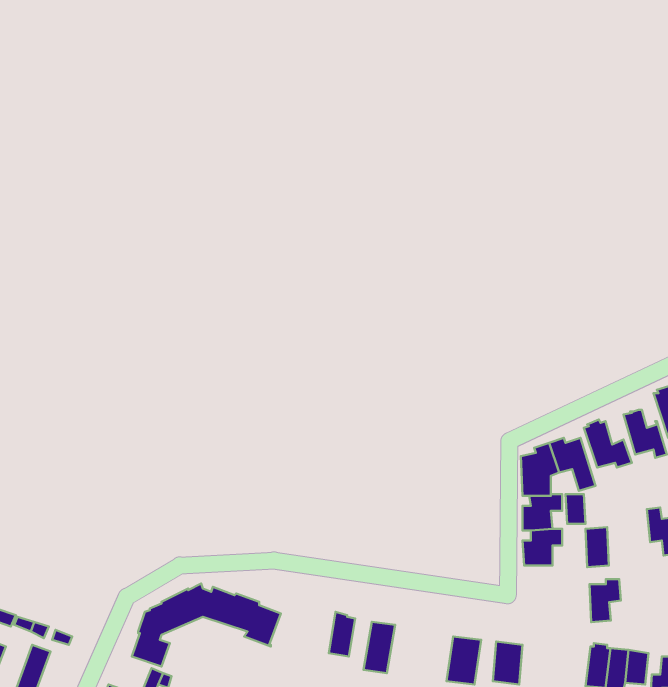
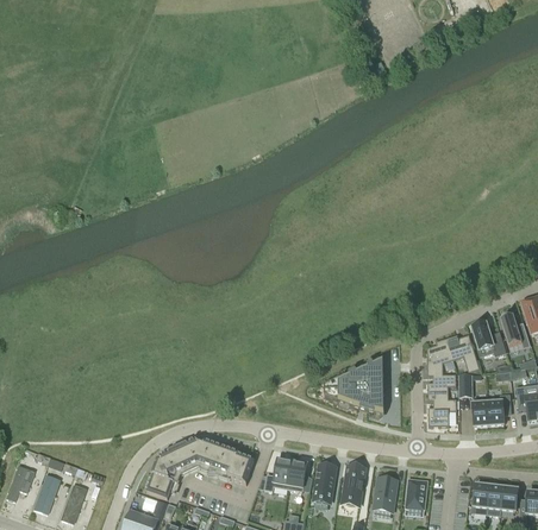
building: none -> [324,359,383,415]
building: [589,579,621,622] -> [488,395,511,425]
building: none -> [264,458,293,491]
building: none -> [343,465,365,503]

